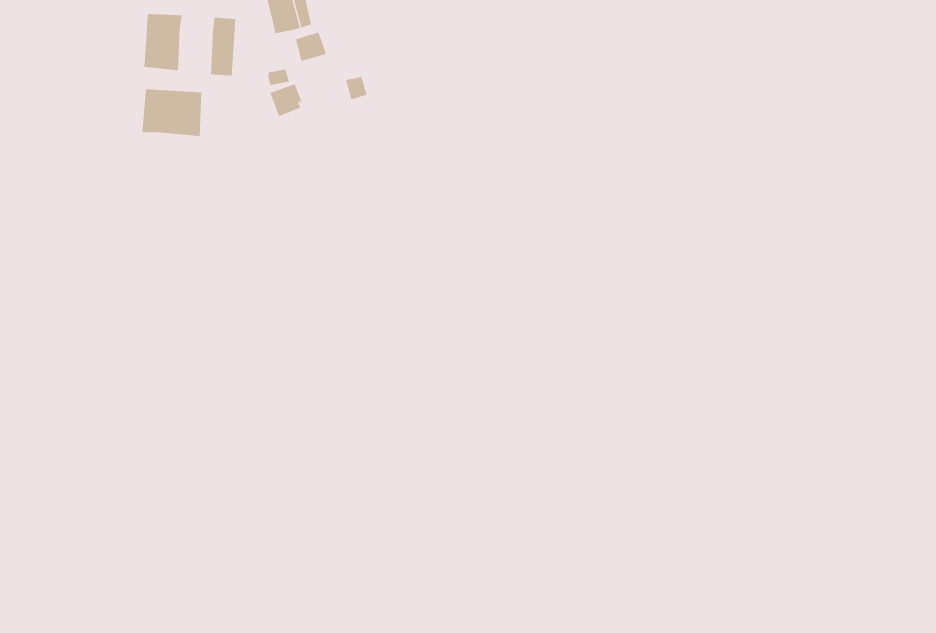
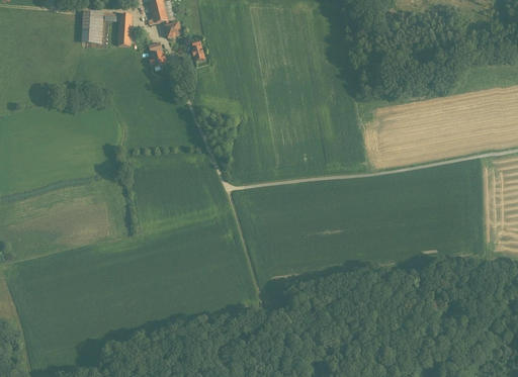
building: [142,88,202,137] -> none

